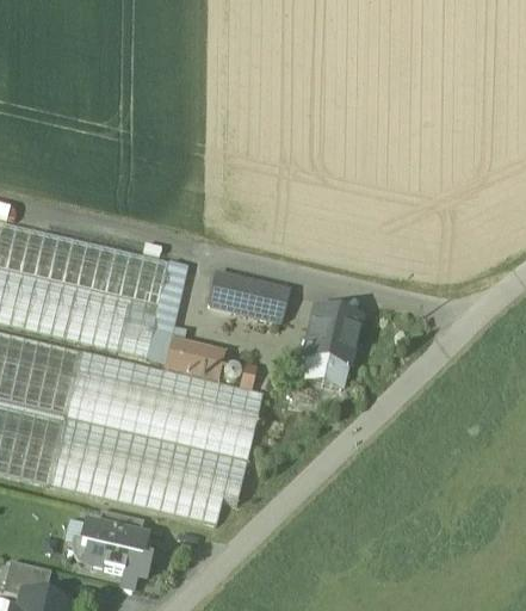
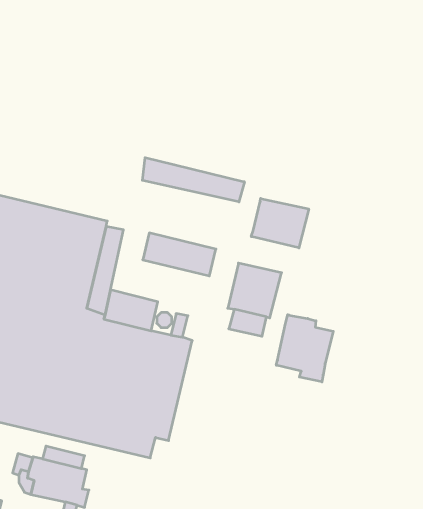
building: none -> [142,158,244,202]
building: none -> [251,198,309,248]
building: none -> [276,315,333,382]

